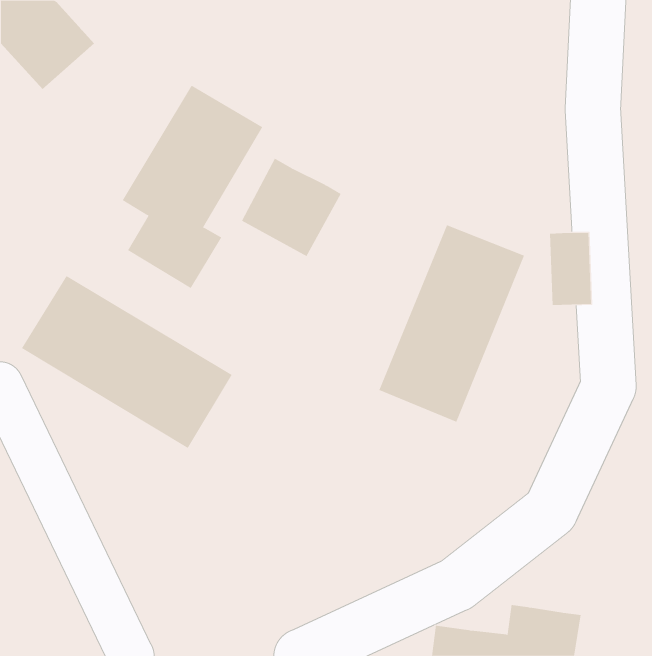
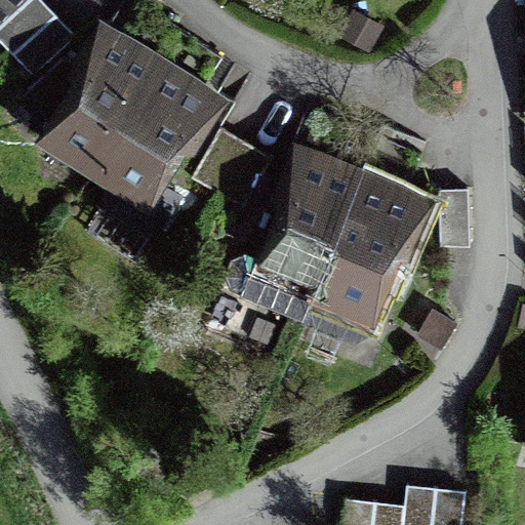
building: none -> [48,36,156,160]
building: none -> [249,156,360,312]
building: [21,275,232,449] -> none

